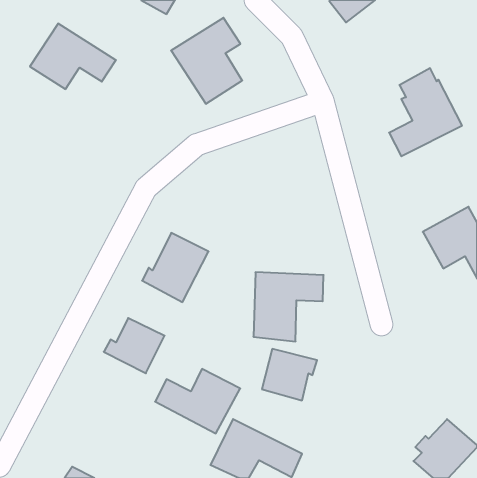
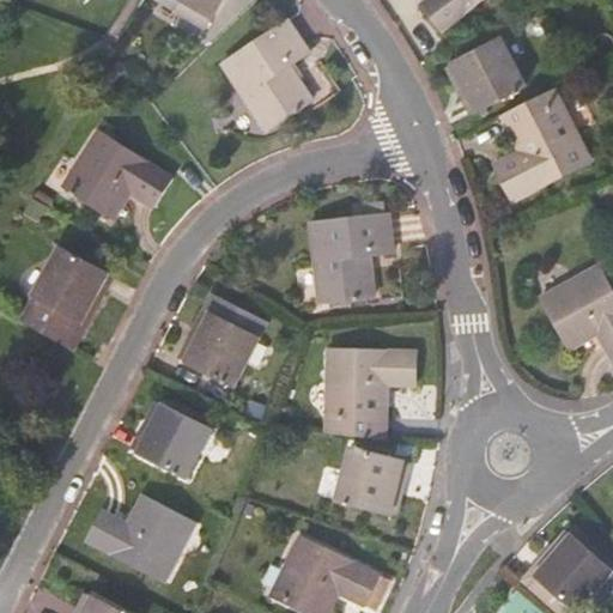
building: [30,24,116,89] -> [62,133,172,217]
building: none -> [454,36,526,111]
building: none -> [305,206,388,304]
building: none -> [23,247,113,347]
building: [155,369,240,433] -> [86,499,195,582]

